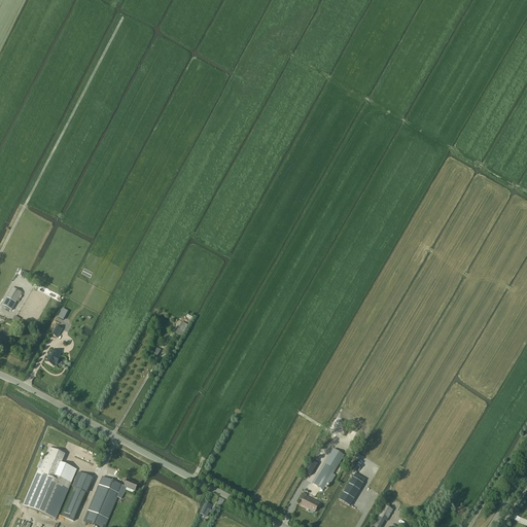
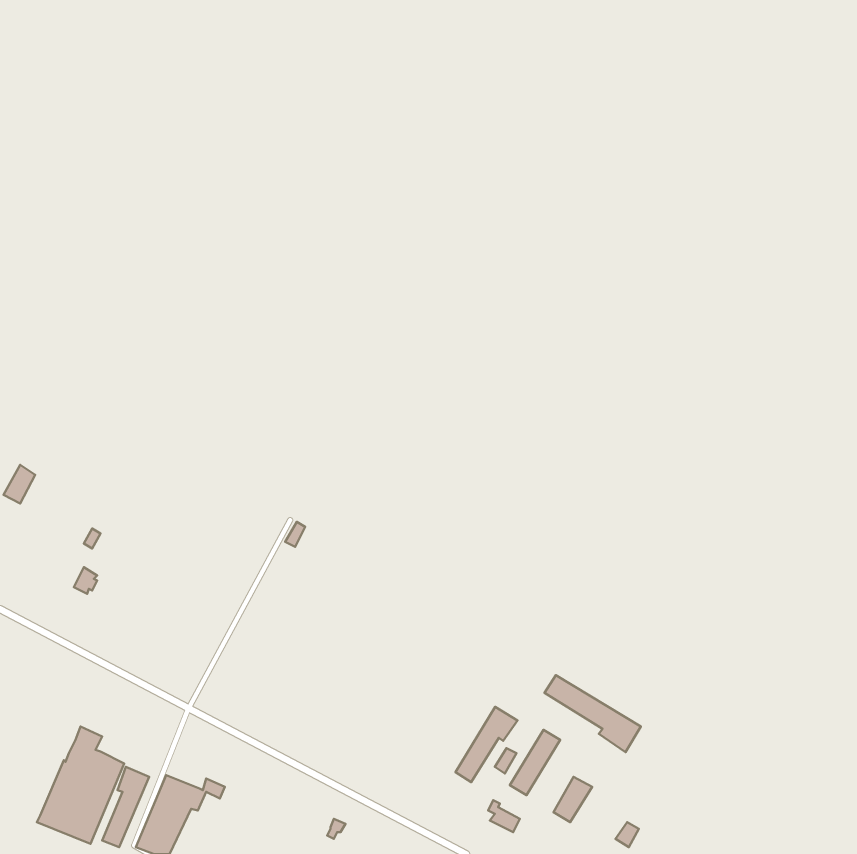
building: none -> [545,675,641,752]
building: none -> [455,707,518,782]

